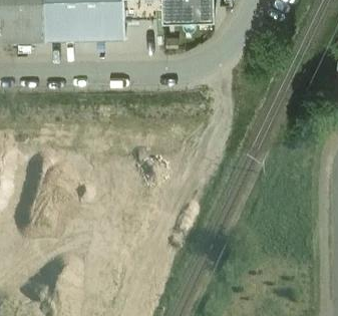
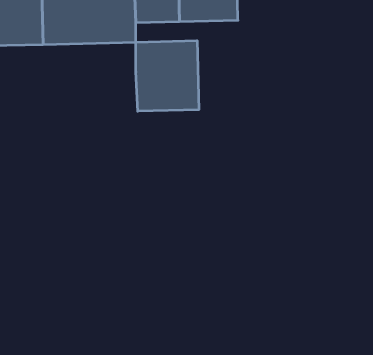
building: none -> [136,41,199,111]

